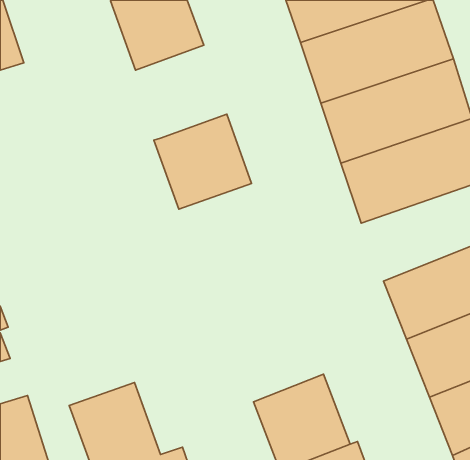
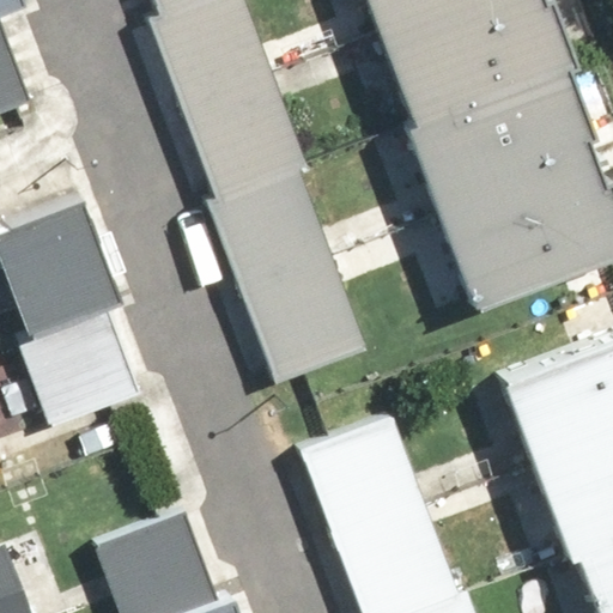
building: none -> [177,73,298,194]
building: none -> [7,192,157,418]
building: none -> [233,253,360,377]
building: none -> [296,411,421,536]

